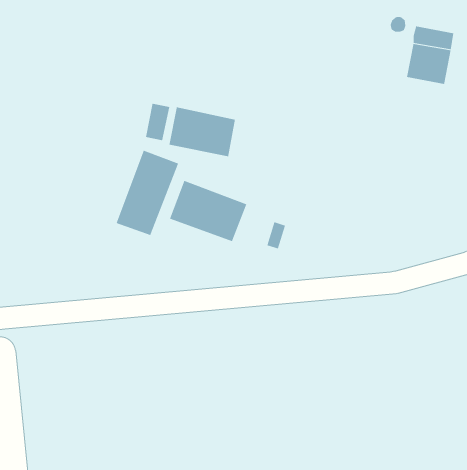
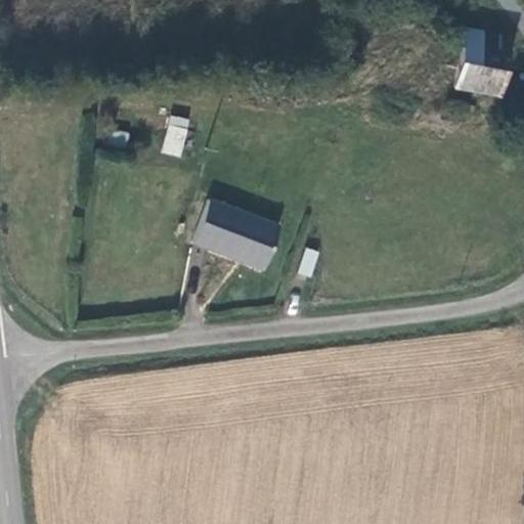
building: [169,107,236,157] -> none
building: [116,150,179,236] -> none

